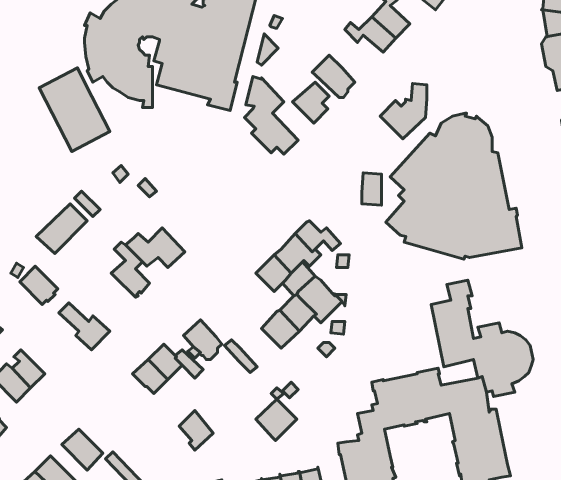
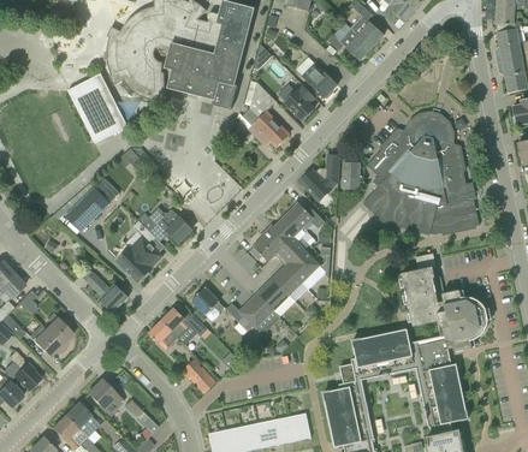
building: [380,84,427,139] -> [299,154,339,201]
building: [20,266,58,304] -> [119,249,152,281]
building: [256,399,297,440] -> [239,293,274,328]

